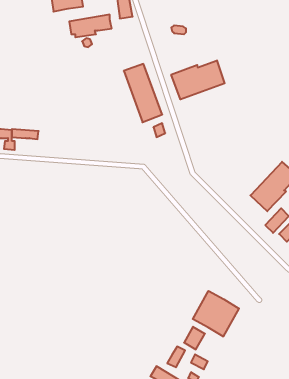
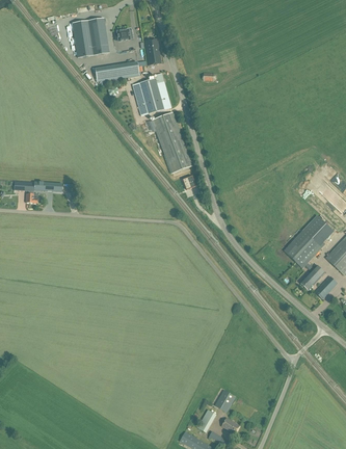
building: none -> [132,73,170,115]
building: [171,60,225,99] -> none
building: [193,291,239,337] -> none

